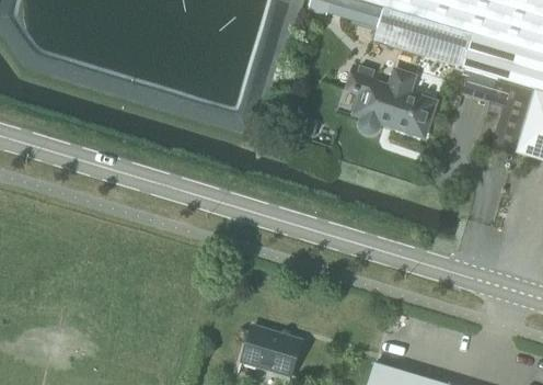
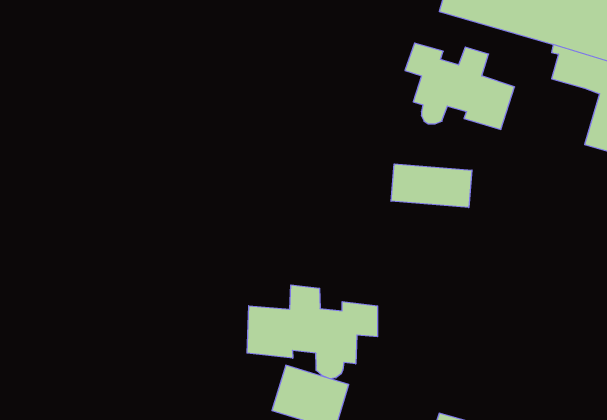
building: none -> [391,164,472,208]
building: none -> [247,285,378,379]

